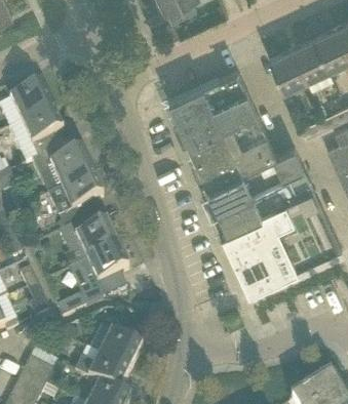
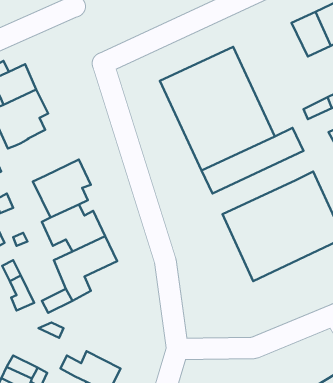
building: [269,45,307,87] -> none
building: [40,143,92,189] -> none
building: [218,165,312,225] -> none
building: [90,325,143,369] -> none

